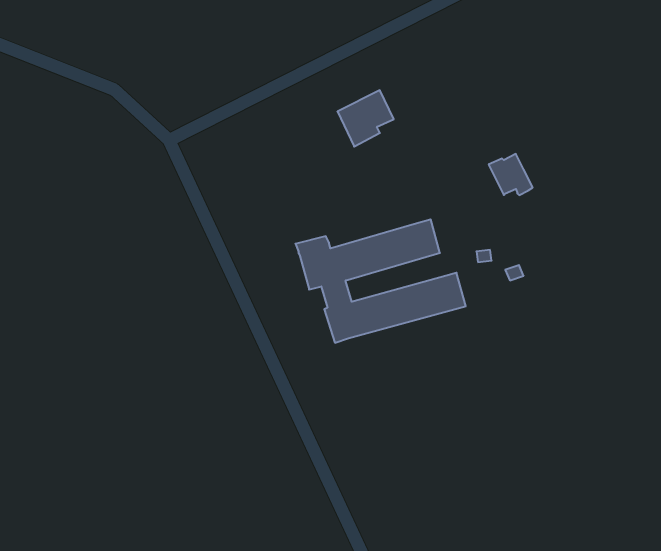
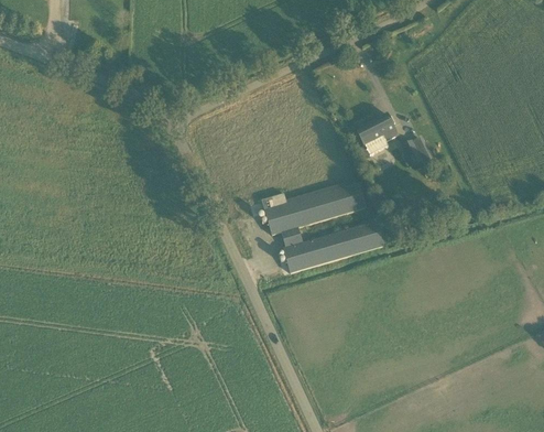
building: [337,90,394,147] -> [356,112,396,153]

